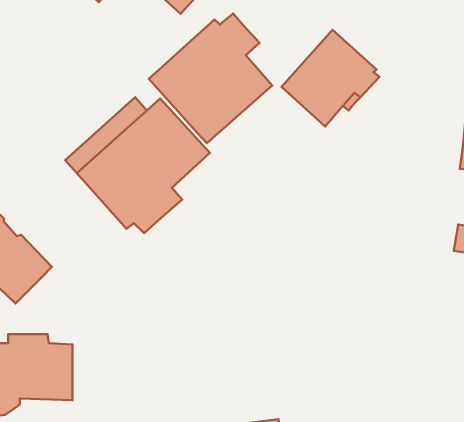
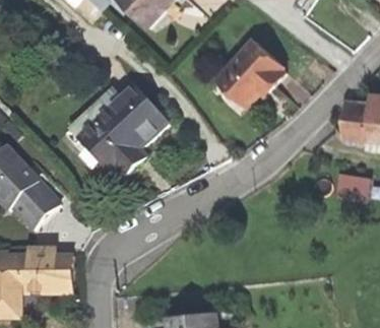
building: [149,14,272,143] -> none

